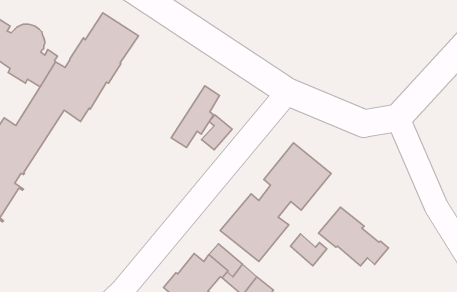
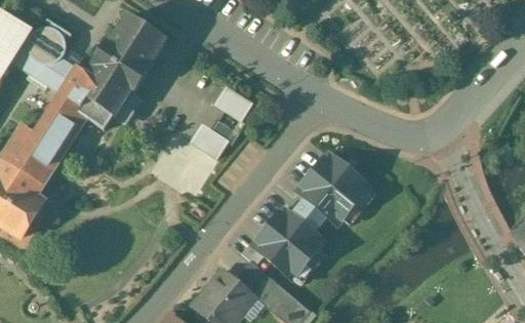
building: [202,115,232,150] -> none
building: [319,207,389,266] -> none
building: [291,234,327,266] -> none

